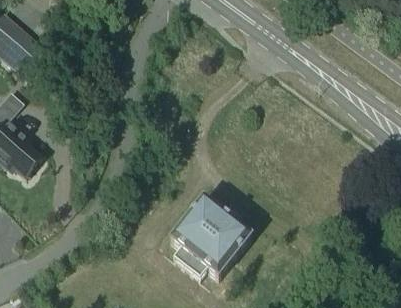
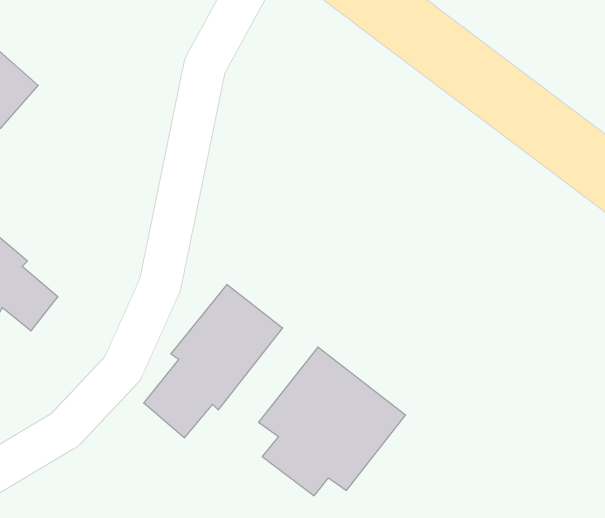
building: none -> [144,285,283,438]

